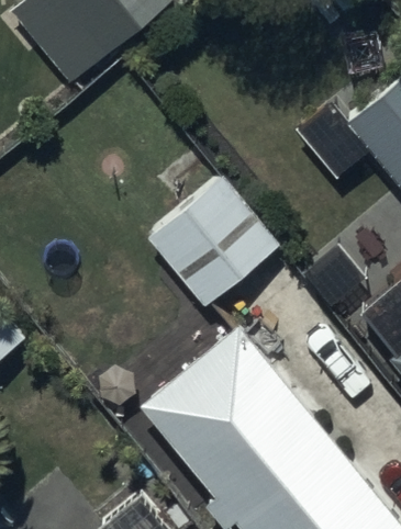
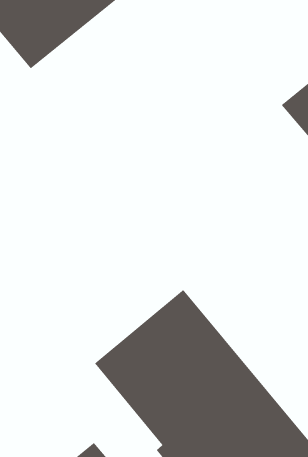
building: [147,178,280,311] -> none

